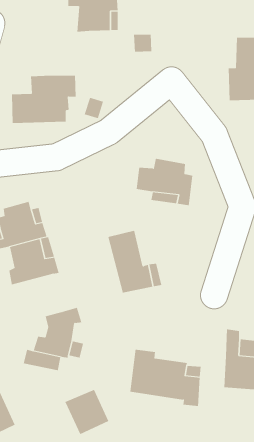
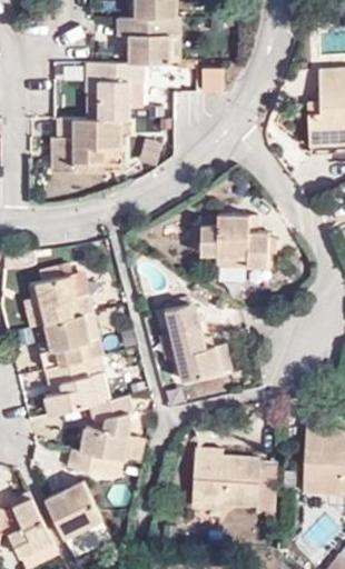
building: none -> [80,61,141,114]
building: none -> [41,357,107,418]
building: [64,389,109,435] -> [46,483,100,539]

